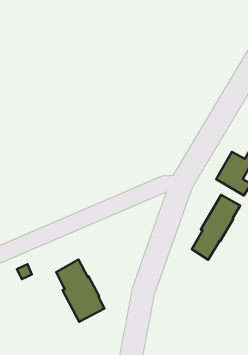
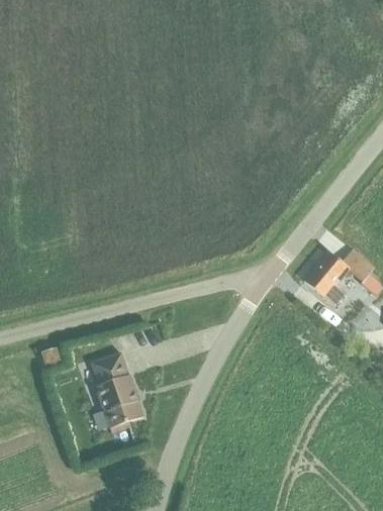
building: [192,195,240,260] -> none

